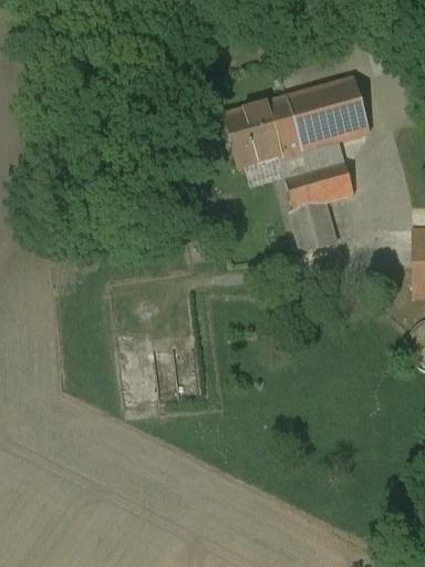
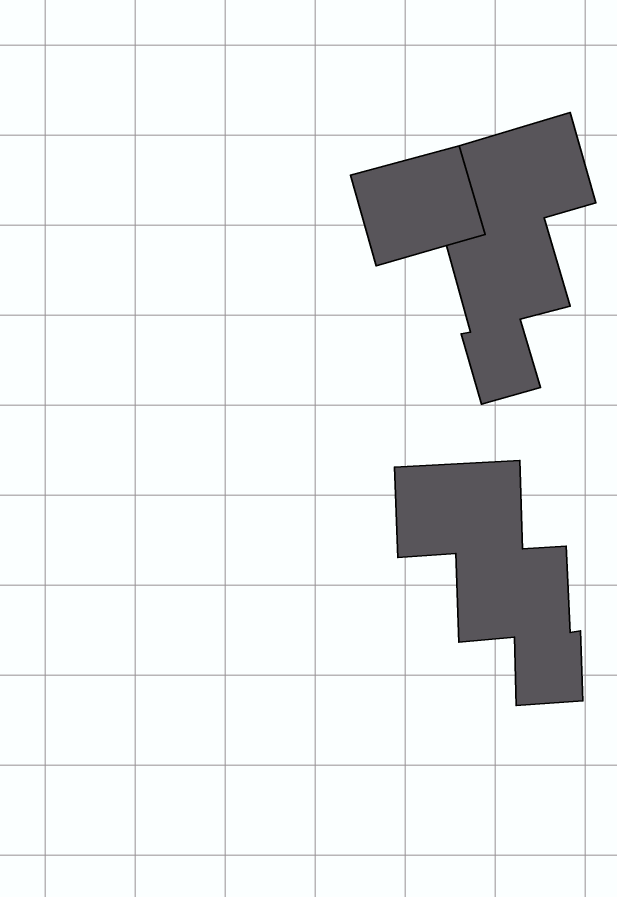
building: none -> [394,460,583,706]

